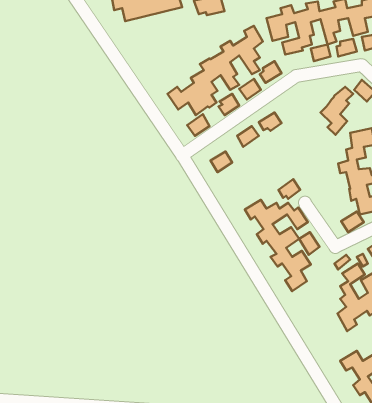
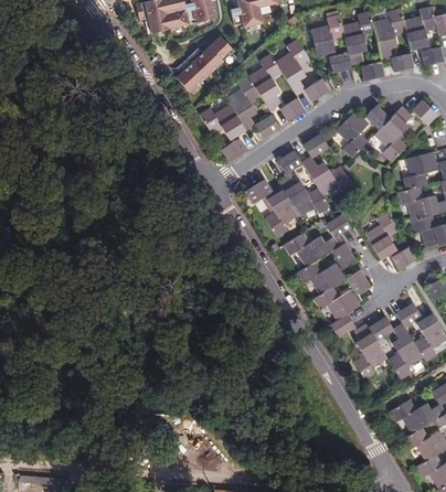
building: none -> [177,35,233,89]
building: none -> [336,100,391,156]
building: none -> [267,158,353,236]
building: none -> [368,212,402,259]
building: none -> [357,317,392,378]

